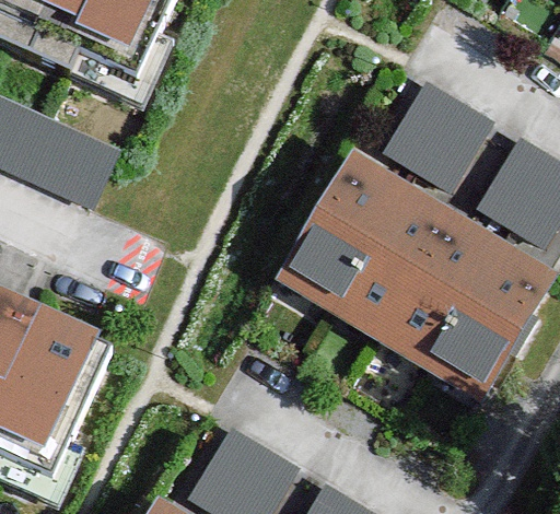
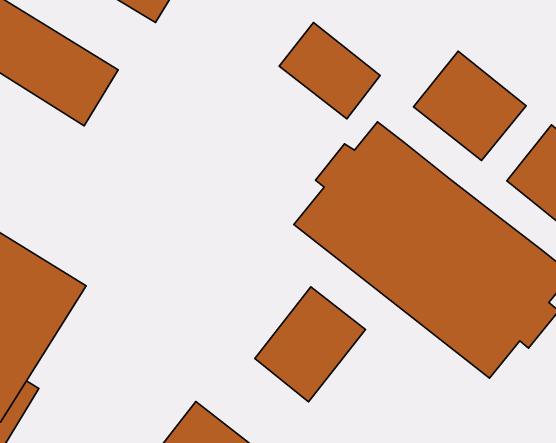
building: none -> [279,23,380,119]
building: none -> [255,287,366,402]

